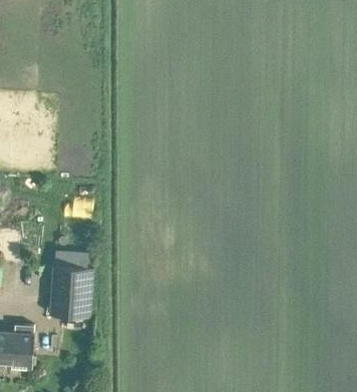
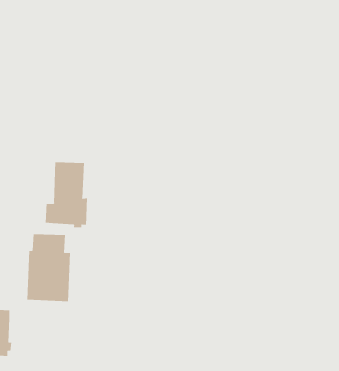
building: none -> [45,161,87,228]

